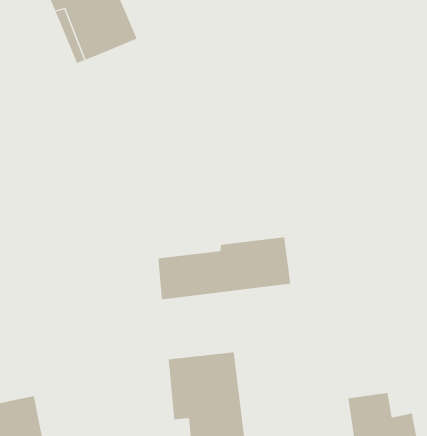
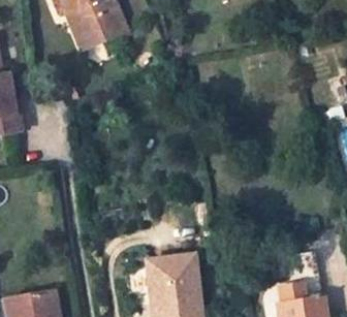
building: [158,237,291,300] -> none

